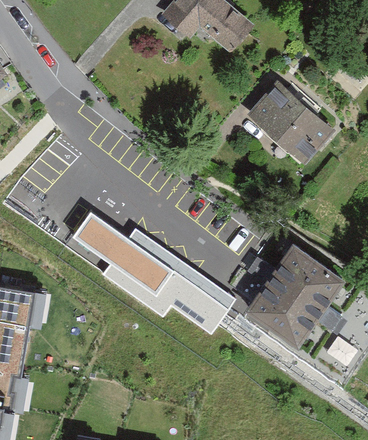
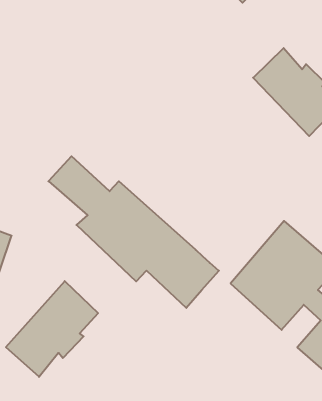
building: none -> [6,281,98,377]

